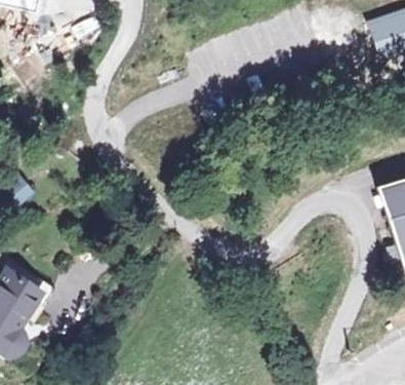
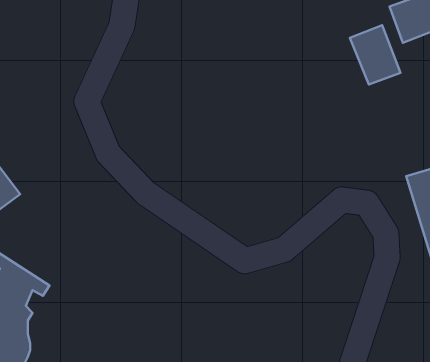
building: none -> [350,25,400,85]

